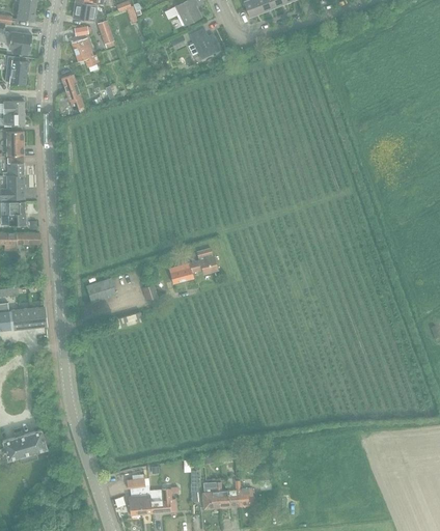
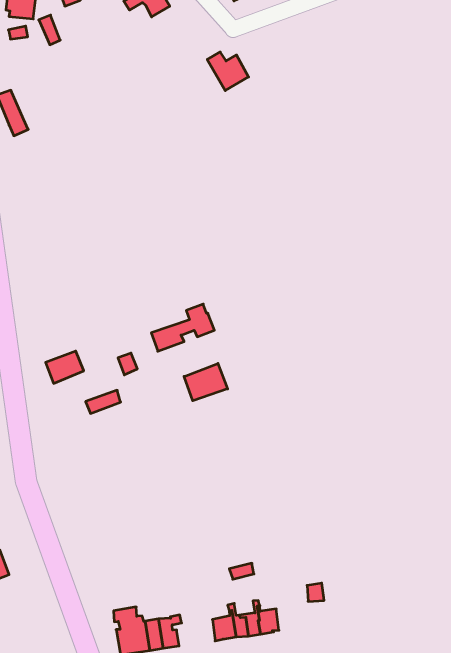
building: [190,30,221,60] -> [207,52,249,91]
building: [71,36,100,66] -> none
building: none -> [184,363,228,401]

